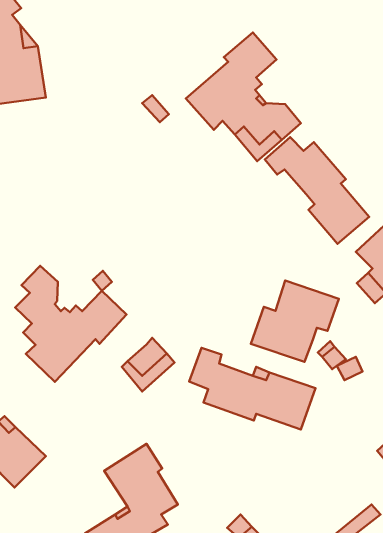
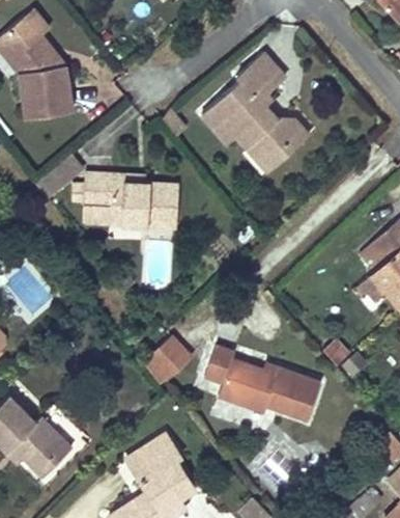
building: [265,137,369,244] -> none
building: none -> [83,173,178,227]
building: [15,266,127,382] -> none
building: [251,281,339,362] -> none

